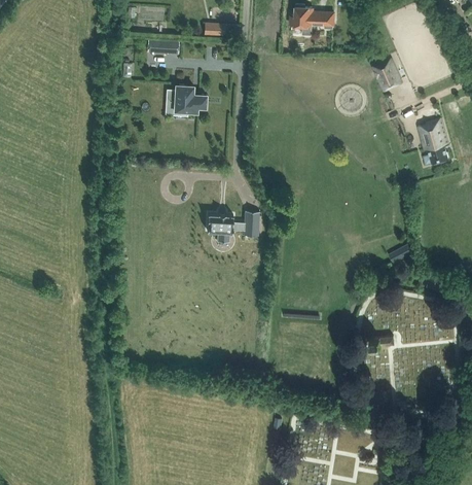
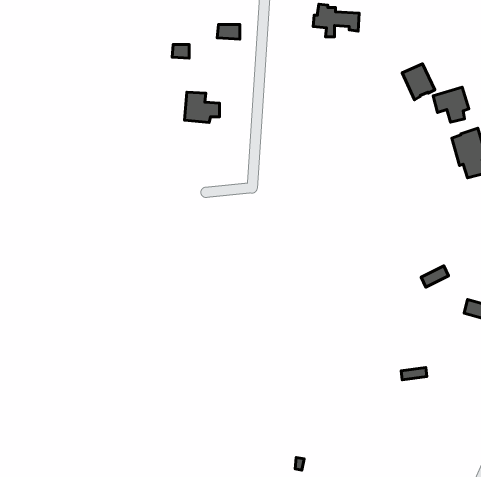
building: none -> [433,87,469,122]
building: [207,211,259,242] -> none

